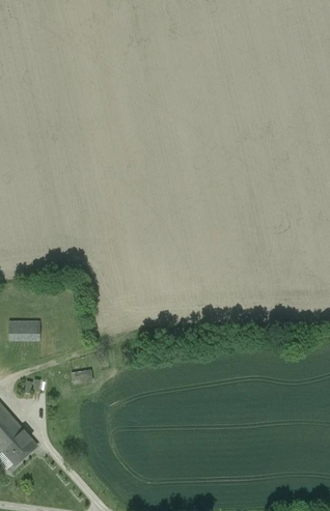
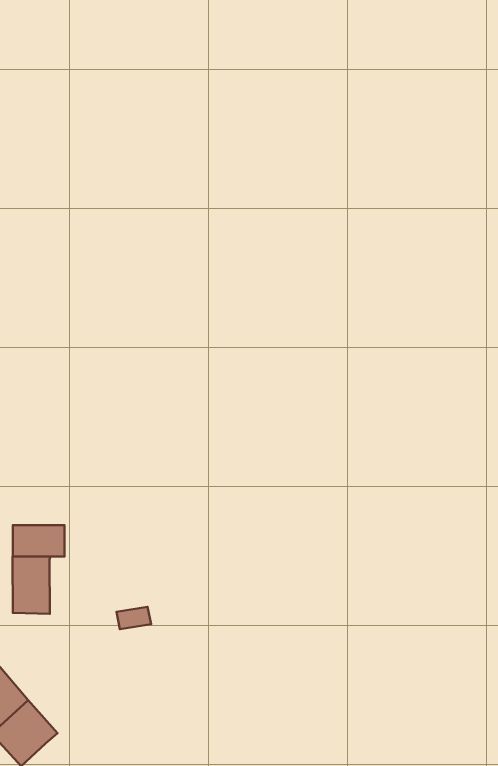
building: none -> [13,556,50,614]

